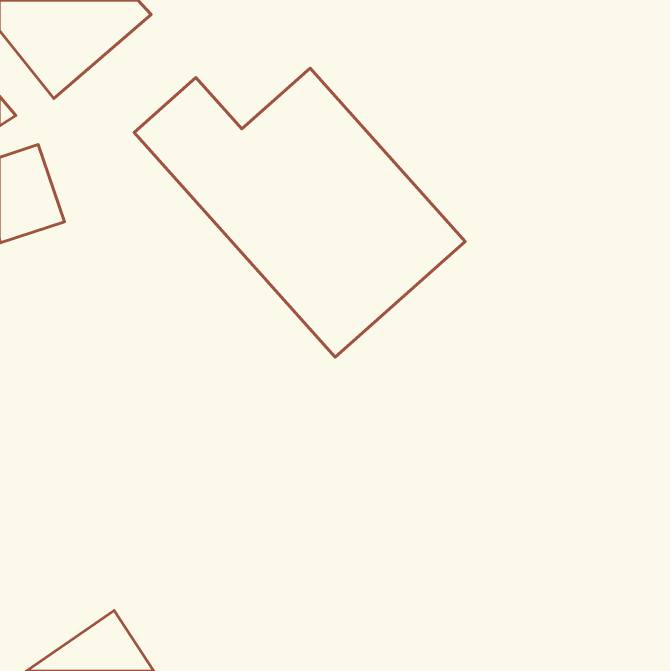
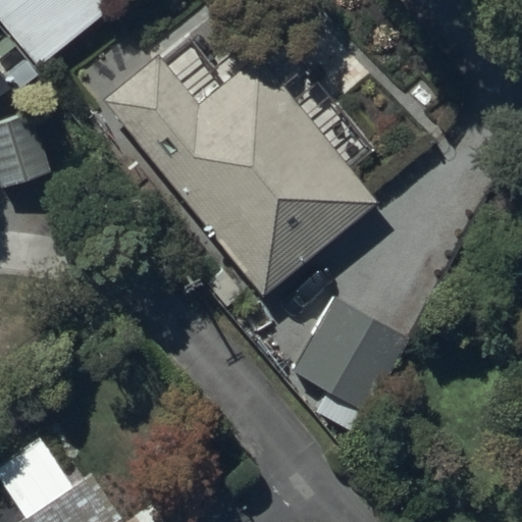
building: none -> [296,309,405,420]

